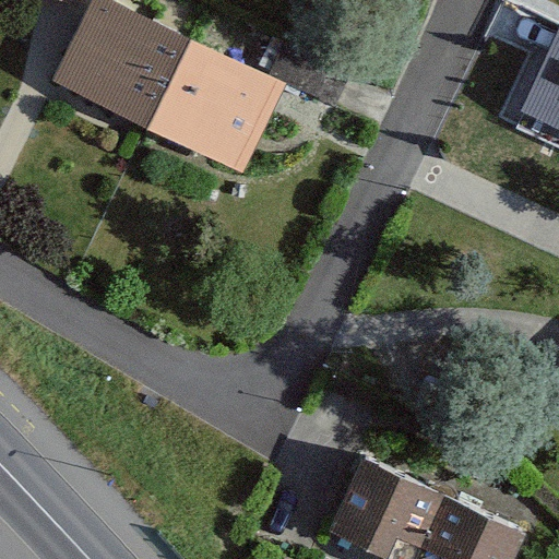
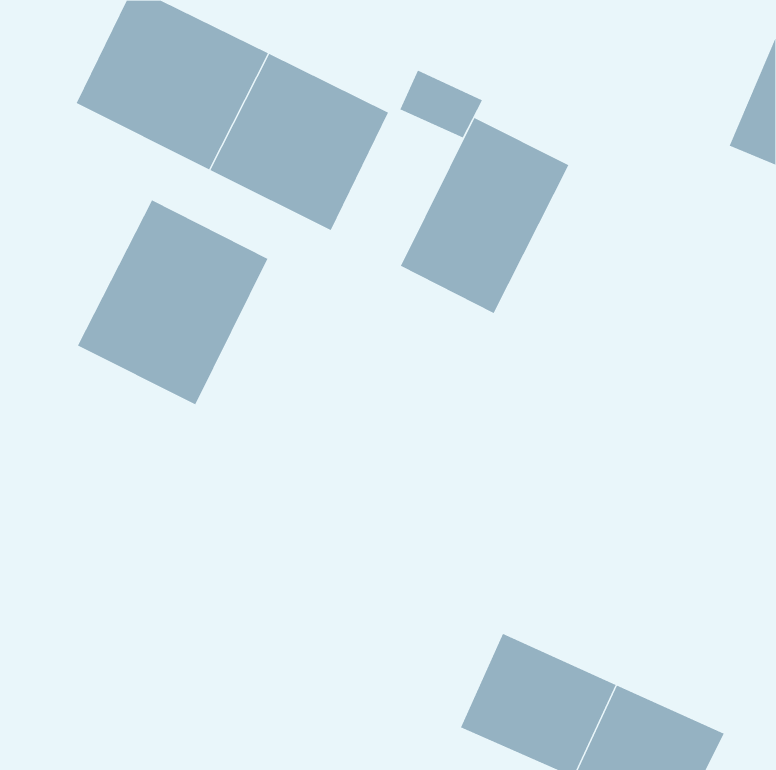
building: none -> [400,117,569,314]
building: none -> [77,199,268,405]

